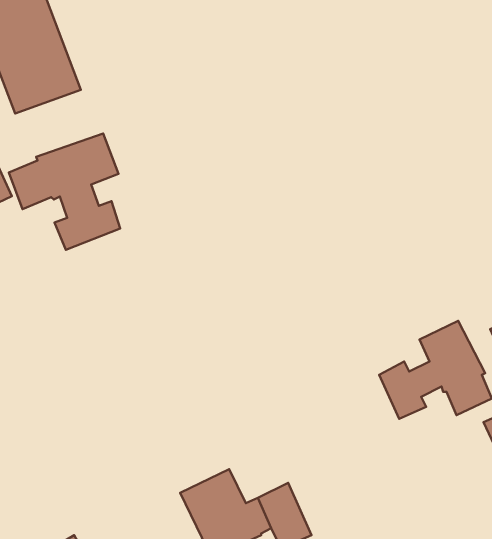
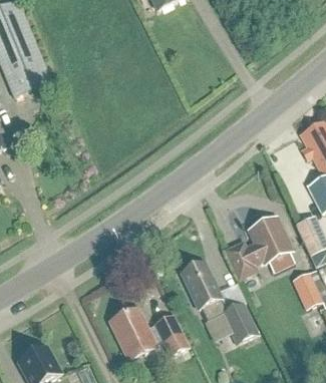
building: [9,133,120,250] -> none
building: none -> [181,261,258,342]

